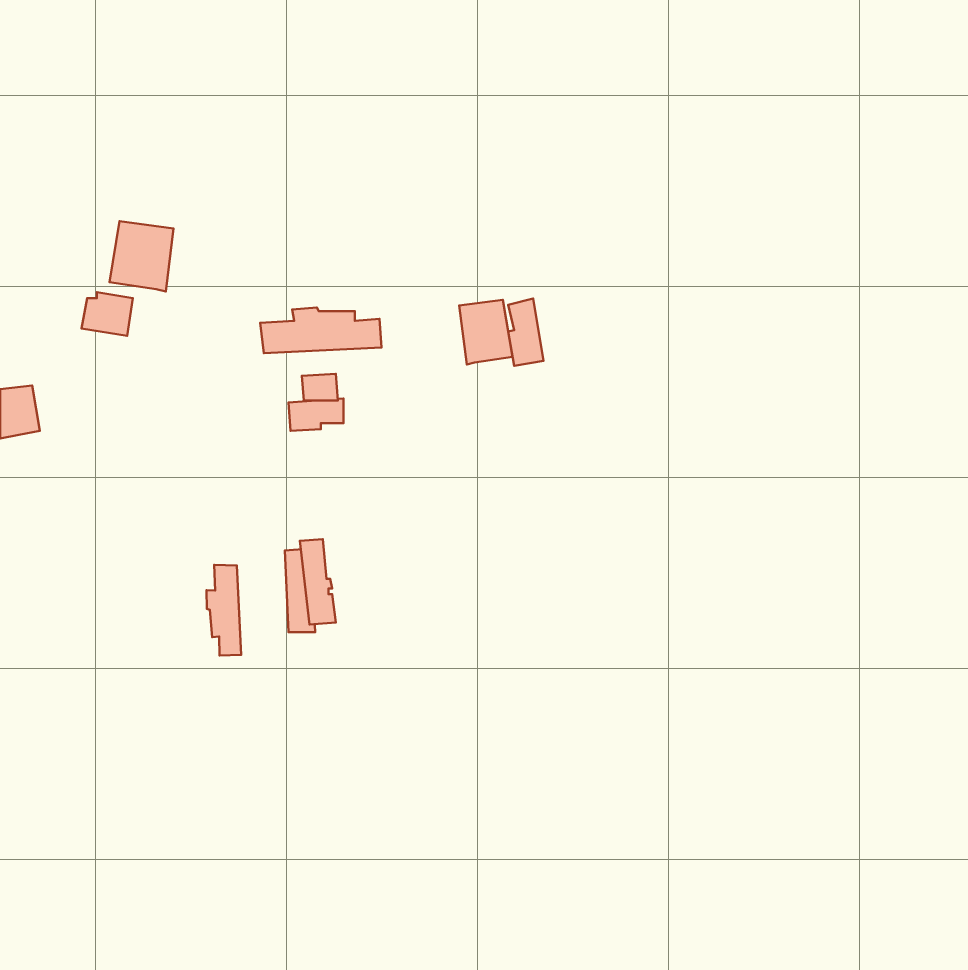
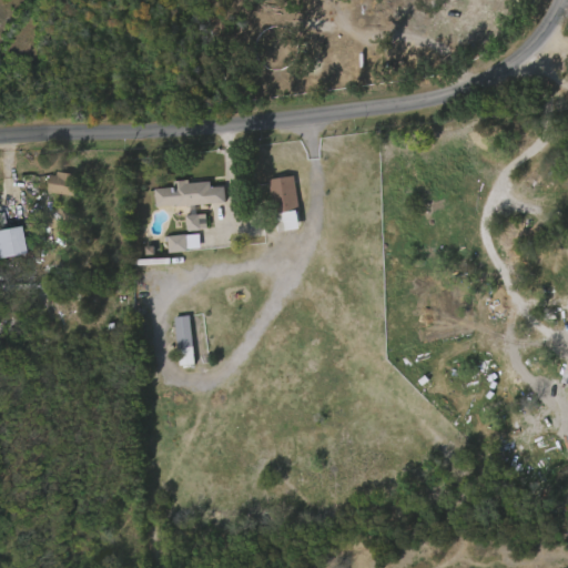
building: [109,221,174,291] -> none
building: [508,299,543,366] -> none
building: [206,565,241,655] -> none

